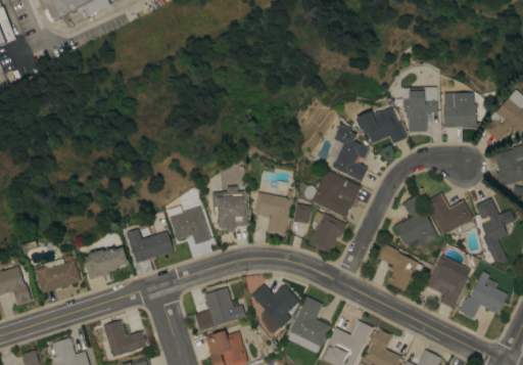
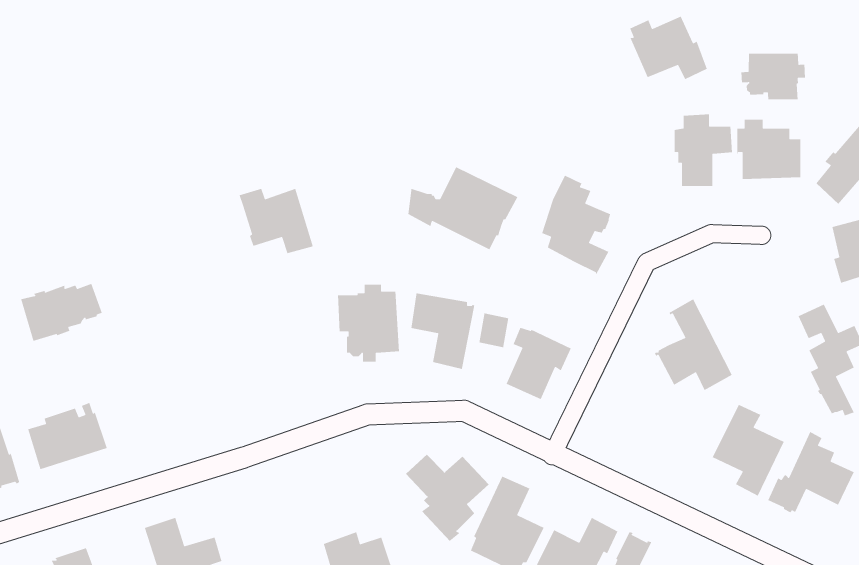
building: none -> [741,53,806,100]
building: [362,107,407,144] -> [629,16,708,80]
building: [298,170,362,218] -> [407,166,518,251]
building: [425,192,473,235] -> none
building: [168,207,210,244] -> [238,188,314,254]
building: [127,229,174,263] -> none
building: [378,244,423,290] -> none
building: [83,246,130,280] -> [20,283,103,342]
building: [194,287,246,331] -> none

